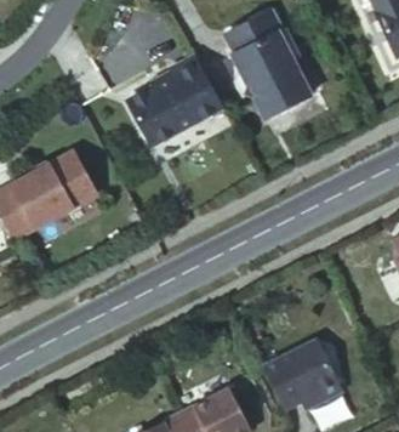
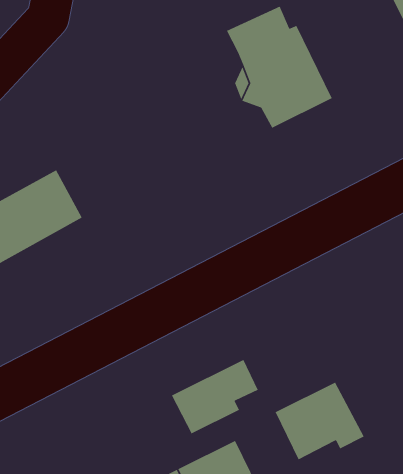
building: [125,53,222,146] -> none
building: none -> [171,359,259,435]

